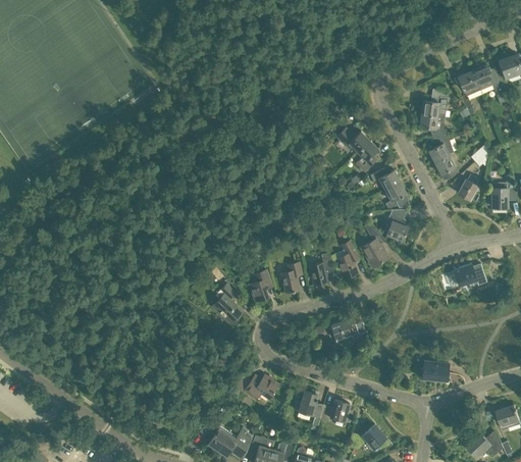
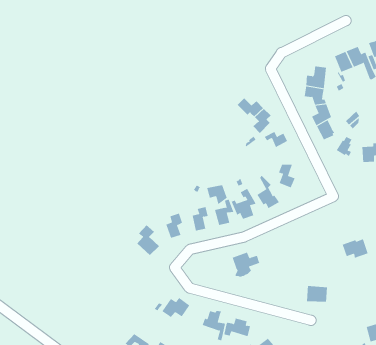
building: [384,182,408,208] -> none
building: none -> [207,185,227,205]
building: [454,263,486,288] -> [342,239,368,258]

